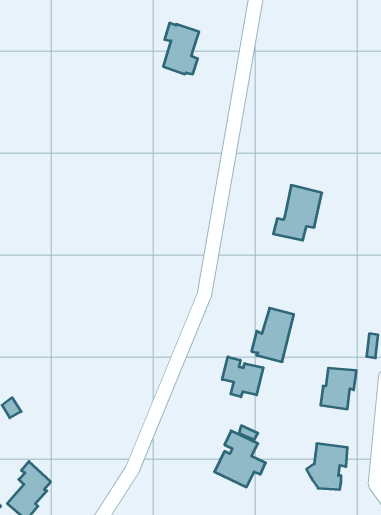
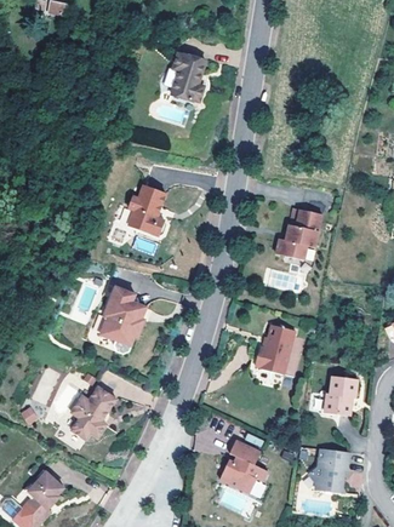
building: none -> [129,184,167,235]
building: none -> [99,291,147,357]
building: [222,357,263,397] -> none
building: none -> [73,382,119,437]

